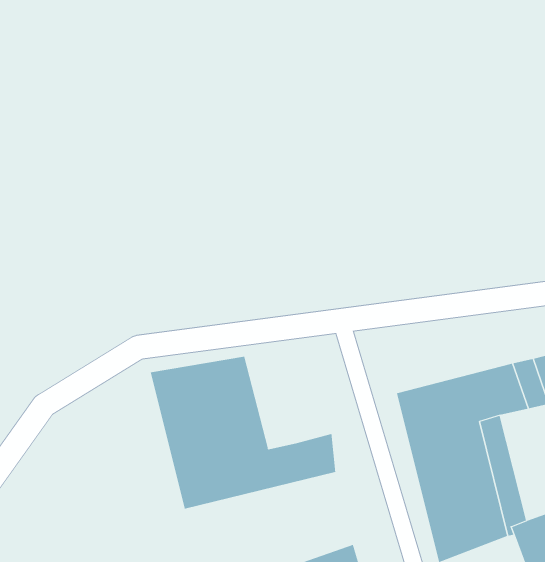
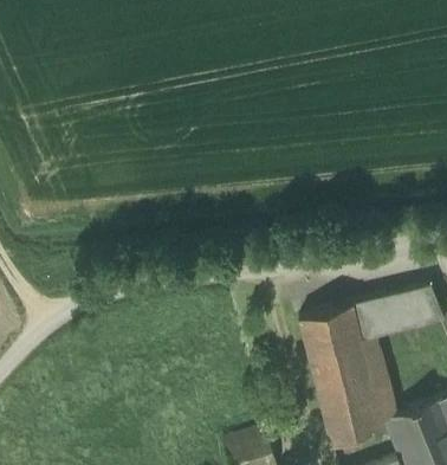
building: [150,356,336,510] -> none

